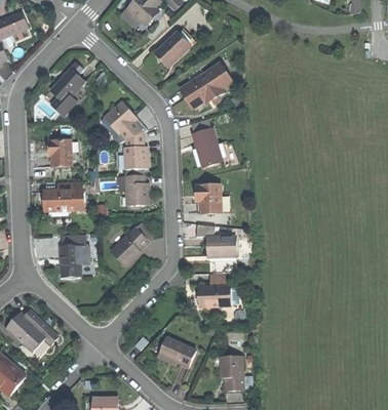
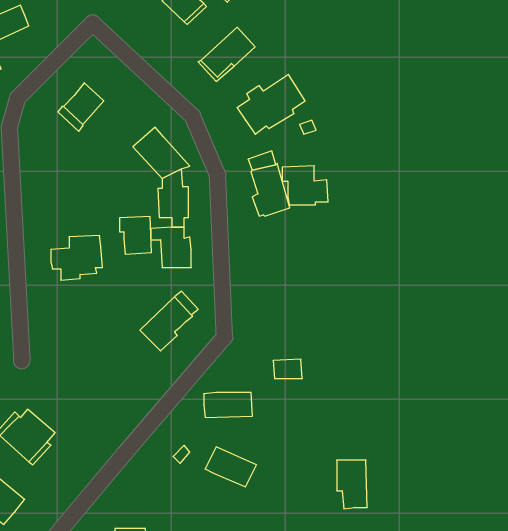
building: [47,139,71,167] -> [120,217,151,254]
building: [196,184,230,213] -> [282,166,328,205]
building: [207,237,236,257] -> none
building: [60,241,89,276] -> none
building: [200,287,236,305] -> [204,392,252,417]
building: [220,356,242,392] -> [337,460,367,509]

